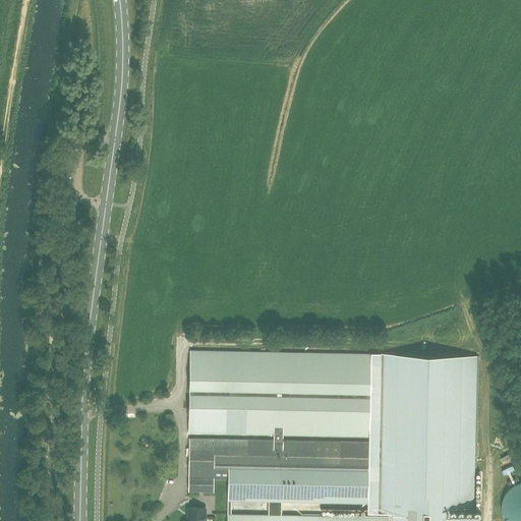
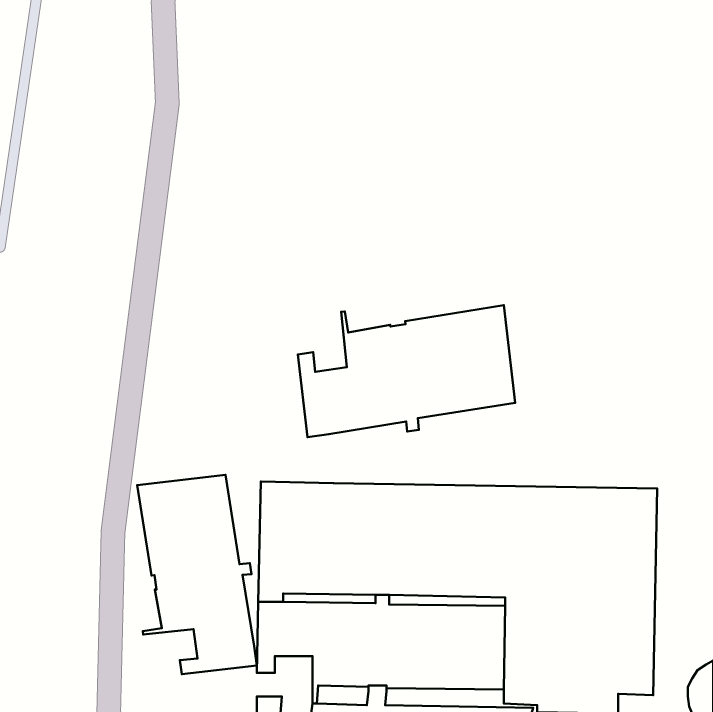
building: none -> [298,305,515,437]
building: none -> [137,475,257,674]

